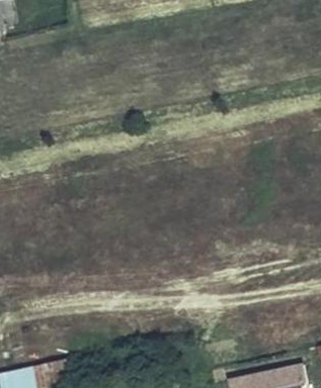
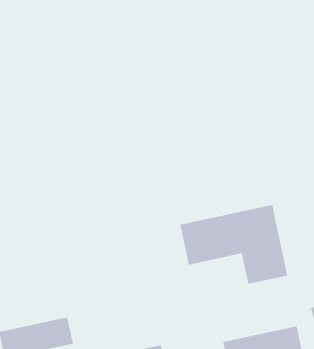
building: none -> [180,204,288,285]

